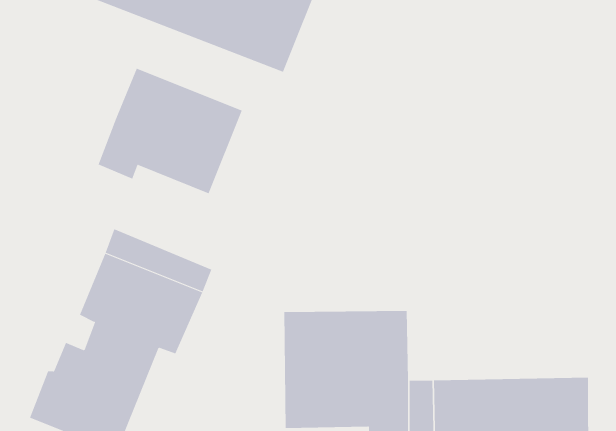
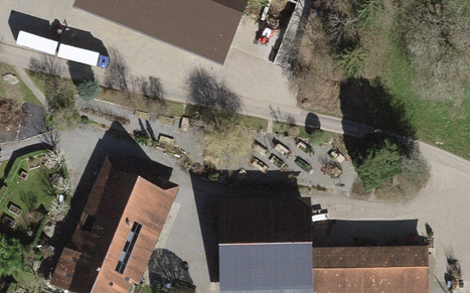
building: [98,68,243,194] -> none

